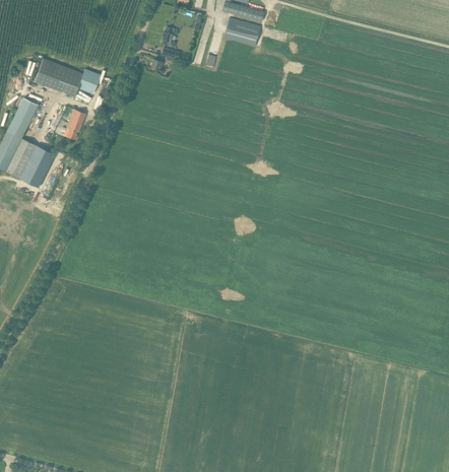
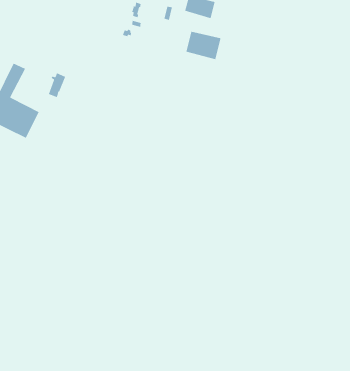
building: [34,58,101,96] -> none
building: none -> [185,31,222,60]

